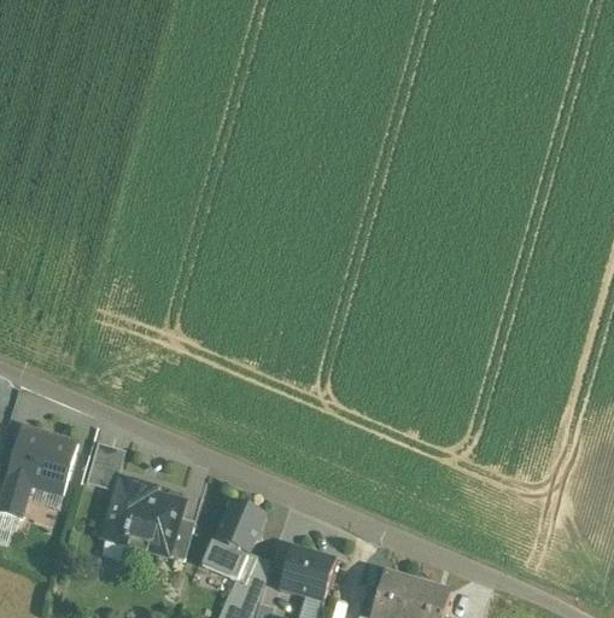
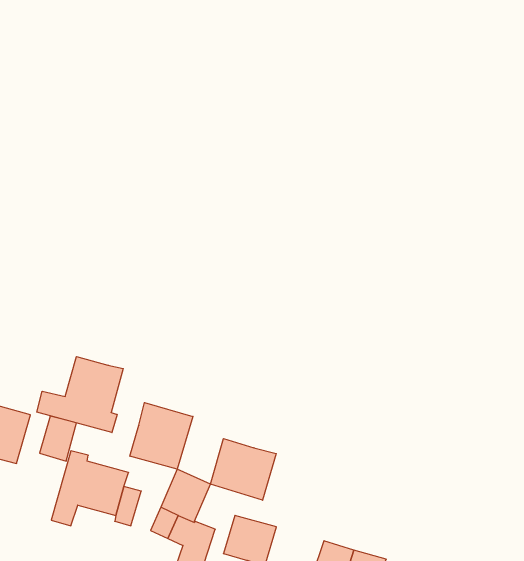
building: none -> [37,357,123,433]
building: none -> [130,403,193,469]
building: none -> [211,439,276,500]

